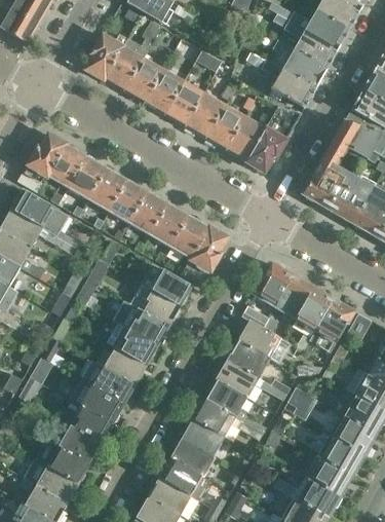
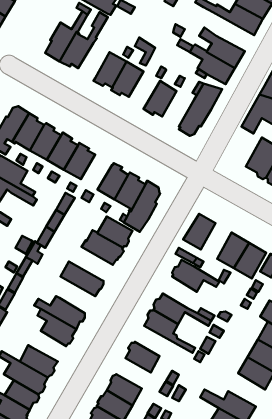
building: [273,13,339,67] -> none
building: [124,57,163,100] -> none
building: [185,91,225,134] -> none
building: [225,115,266,158] -> none
building: [304,158,348,207] -> none
building: [128,189,166,234] -> none
building: [274,275,311,319] -> none
building: [114,302,167,344] -> none
building: [228,340,269,378] -> none
building: [95,346,146,384] -> none
building: [194,400,264,440] -> none
building: [69,406,112,443] -> none
building: [171,439,214,476] -> none
building: [298,452,352,497] -> none

